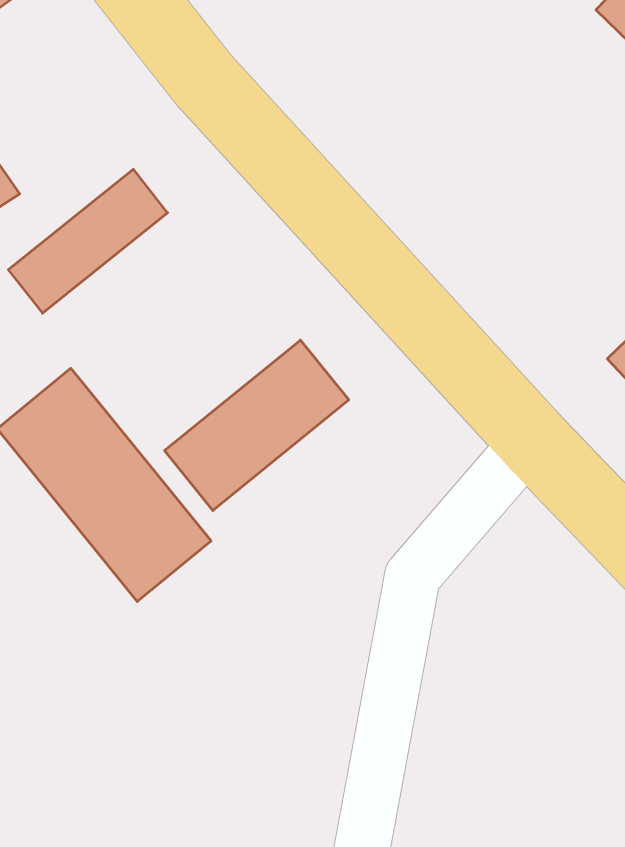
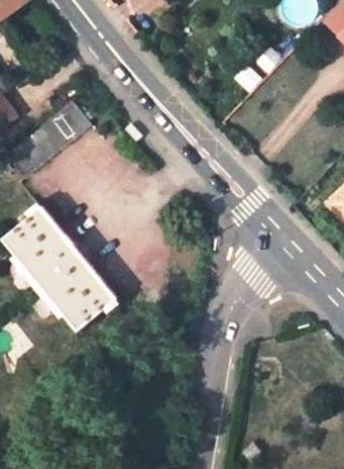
building: [165,340,349,511] -> none

